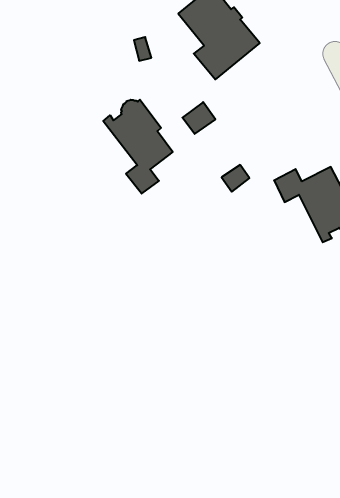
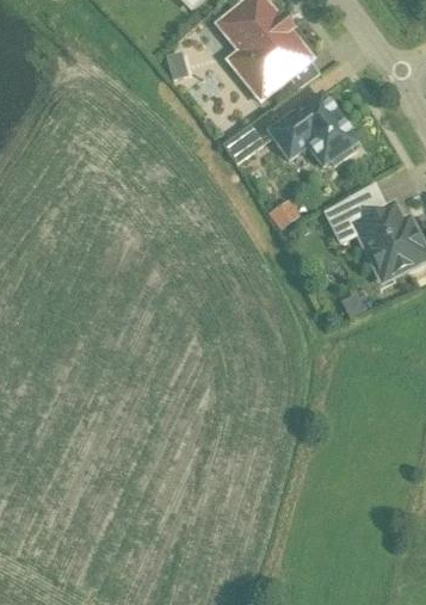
building: none -> [270,89,356,162]
building: [103,100,173,194] -> none

